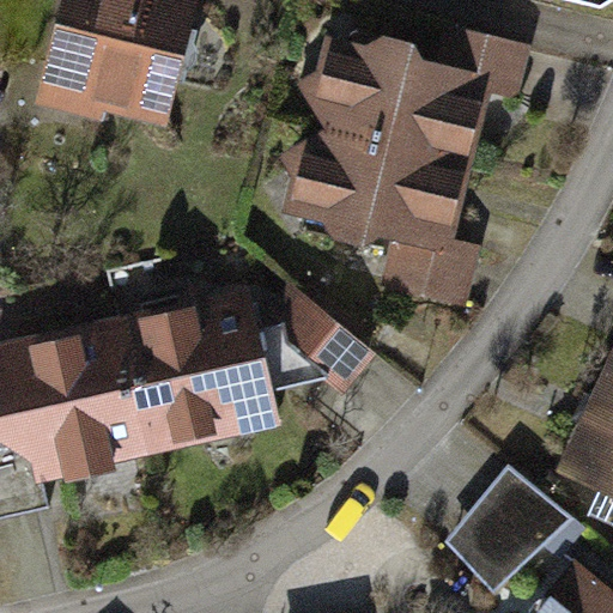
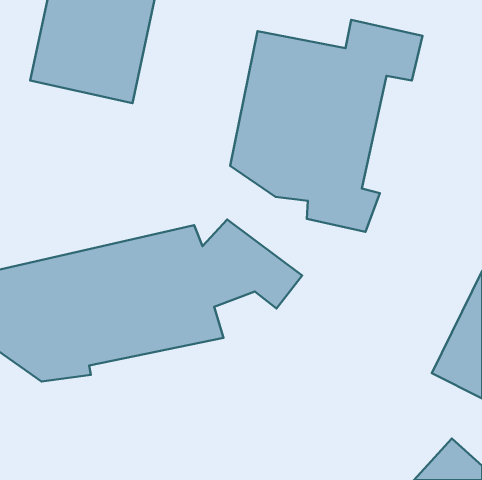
building: [442,468,566,591] -> none

